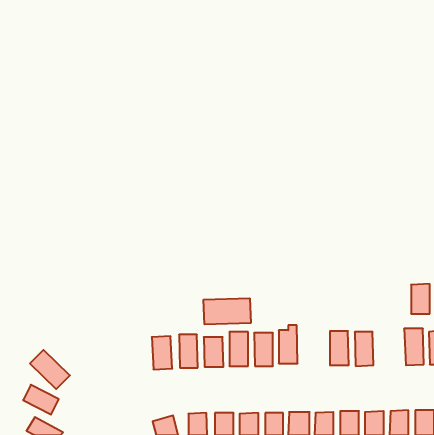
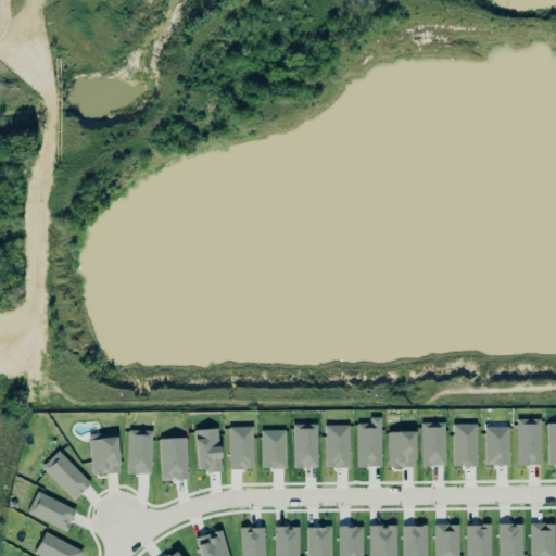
building: [411,284,430,314] -> [484,425,508,463]
building: [204,298,251,324] -> none
building: none -> [128,430,153,475]
building: none -> [389,431,416,467]
building: none -> [90,432,117,472]
building: none -> [161,438,189,480]

